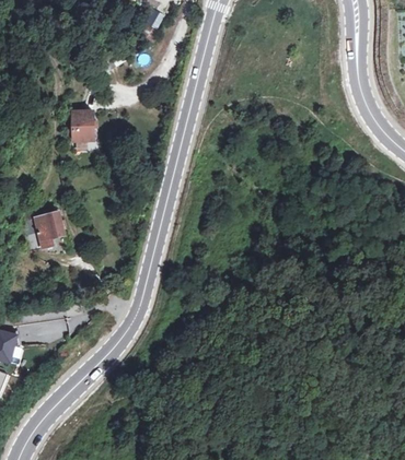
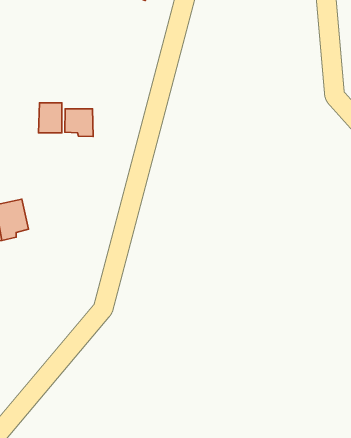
building: none -> [65,109,93,136]

